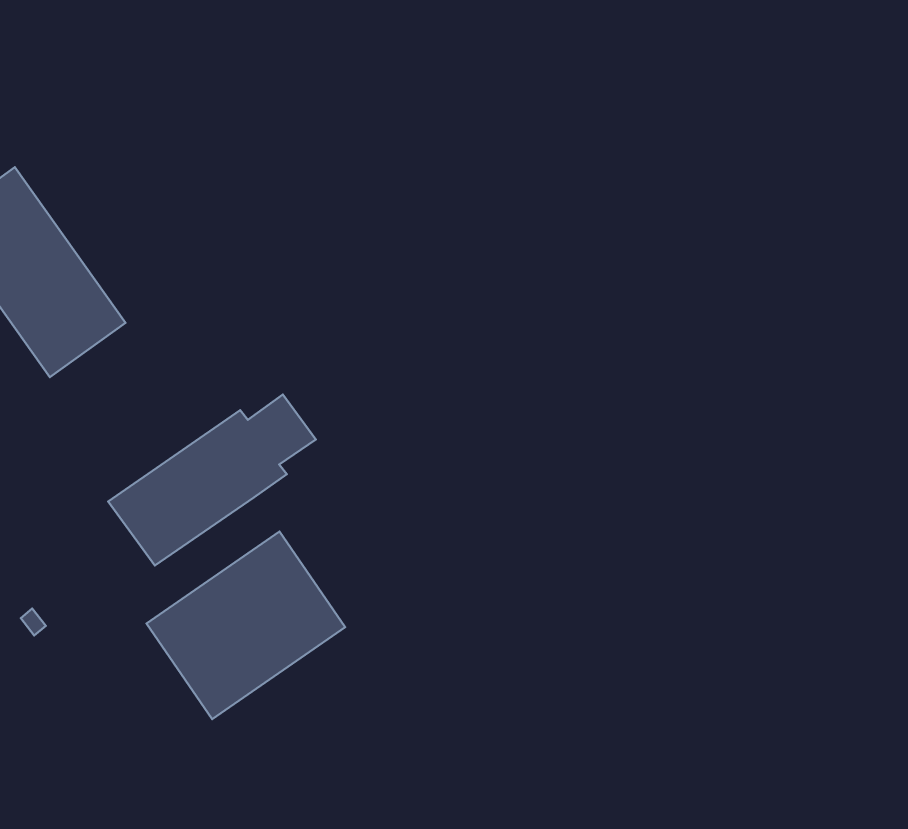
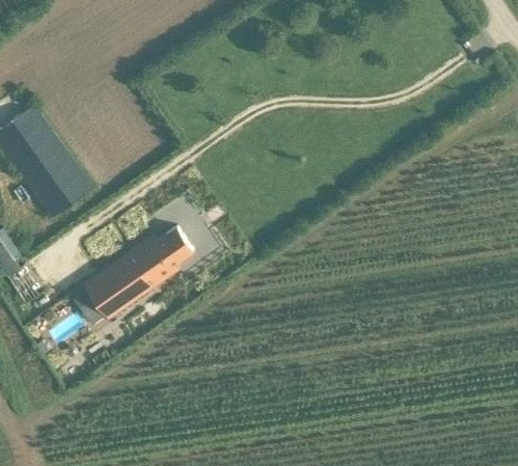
building: [146,531,345,719] -> none

